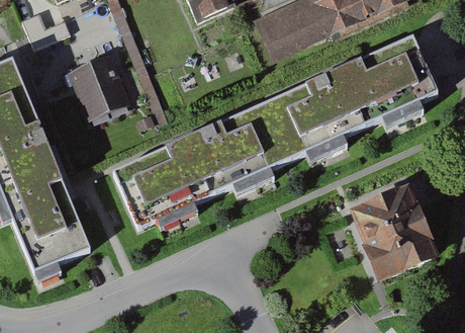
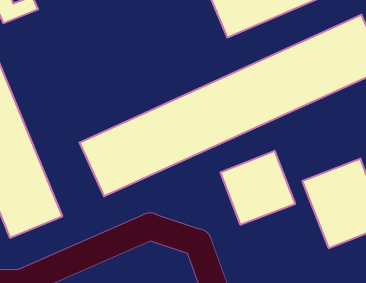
building: [69,55,133,121] -> none
building: none -> [221,151,295,225]

